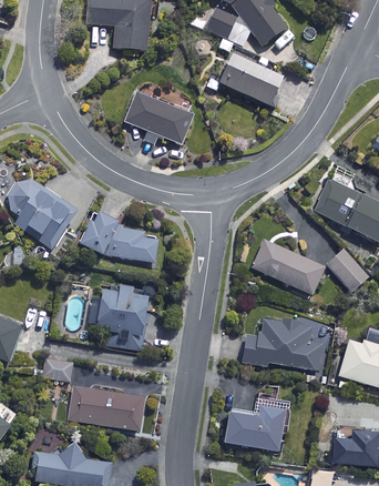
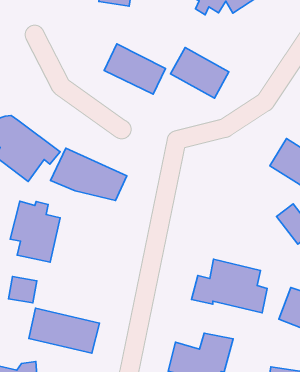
building: [219,53,283,105] -> [170,47,229,98]
building: [254,241,325,294] -> none
building: [96,285,148,350] -> [10,201,60,262]

